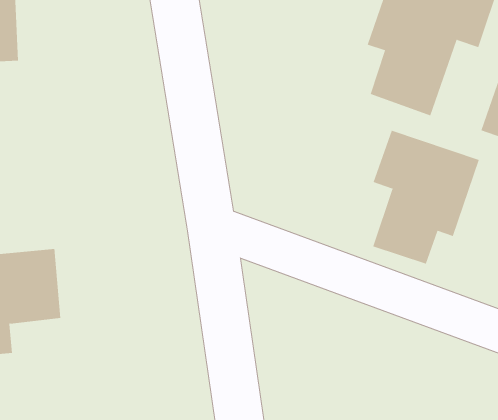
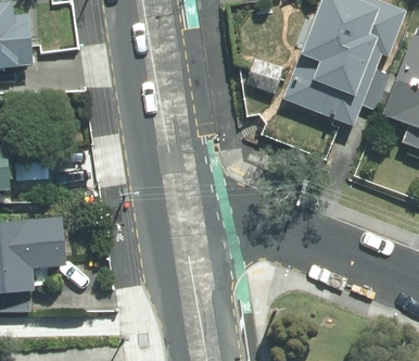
building: [372,130,480,264] -> none

